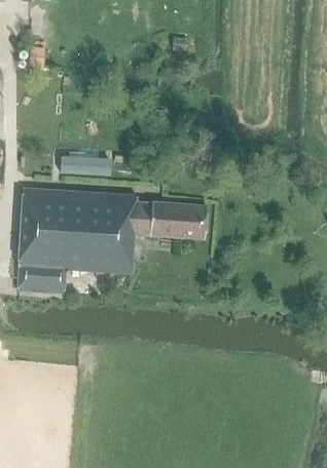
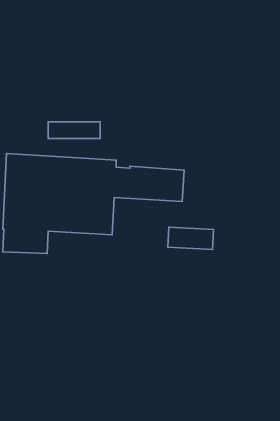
building: none -> [168,227,213,249]

